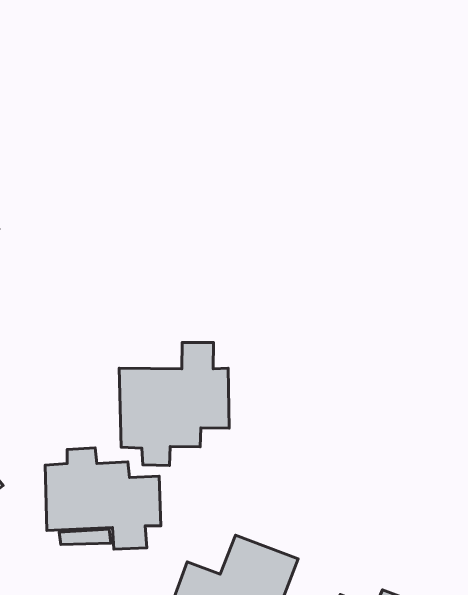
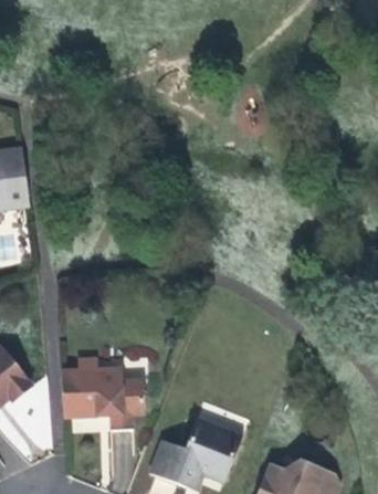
building: [119,342,229,465] -> none

